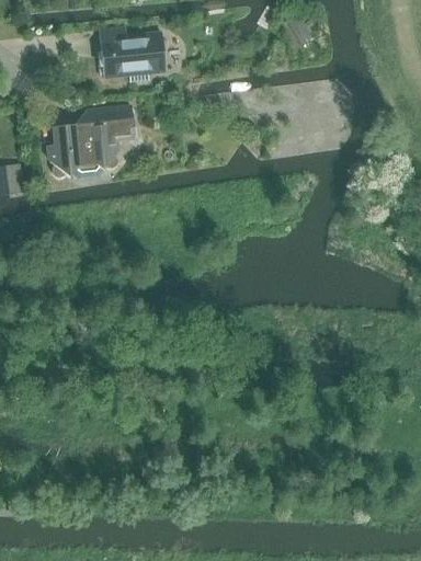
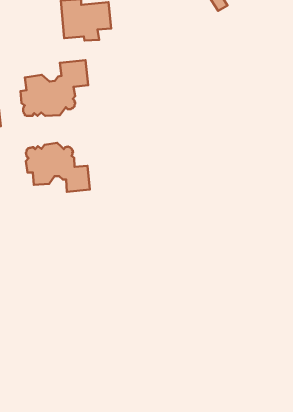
building: none -> [26,143,90,192]

